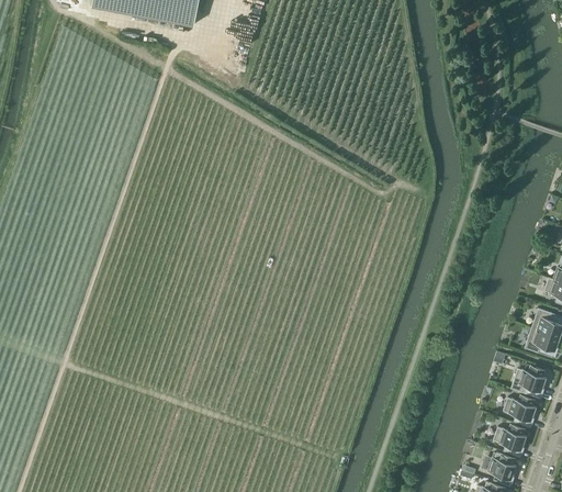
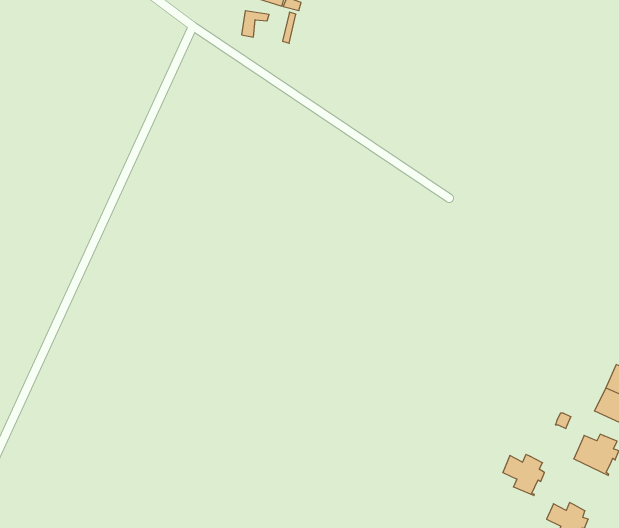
building: [504,395,538,428] -> [503,454,544,496]

